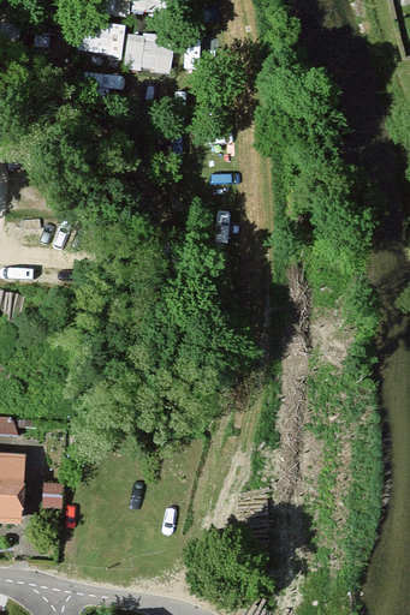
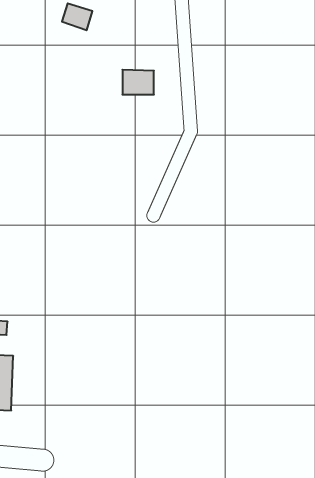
building: [125,31,165,62] -> [122,70,154,95]

